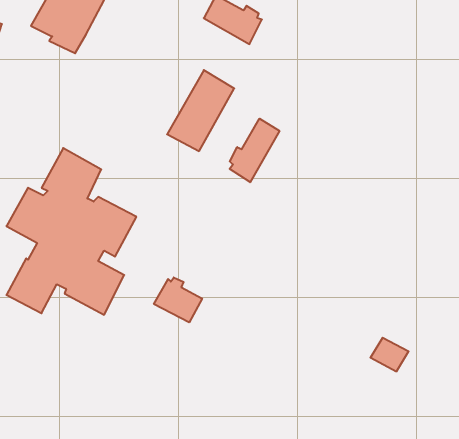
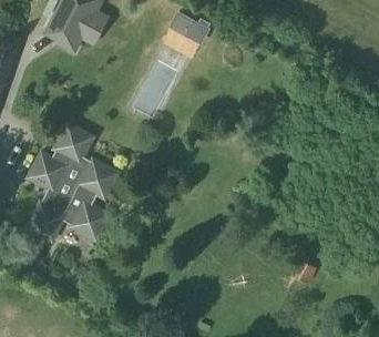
building: [230,119,279,182] -> none
building: [154,277,202,322] -> none

